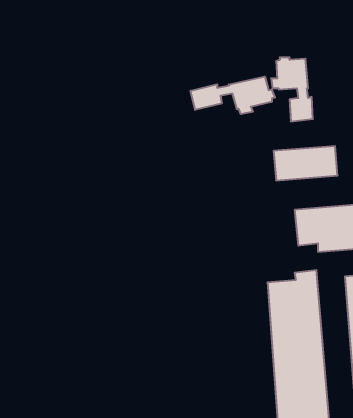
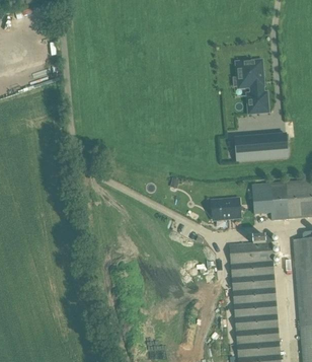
building: [191,77,275,114] -> none
building: none -> [210,198,240,220]

